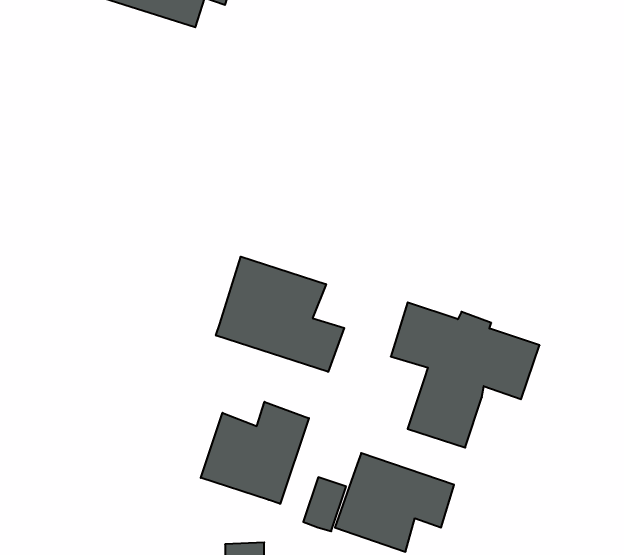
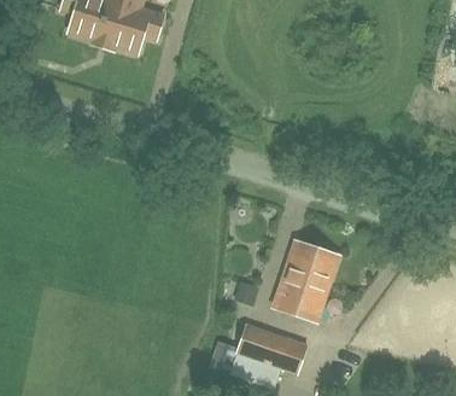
building: [216,257,344,372] -> none
building: [201,402,309,504] -> none

